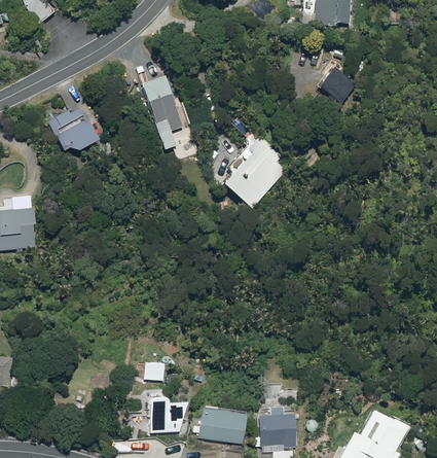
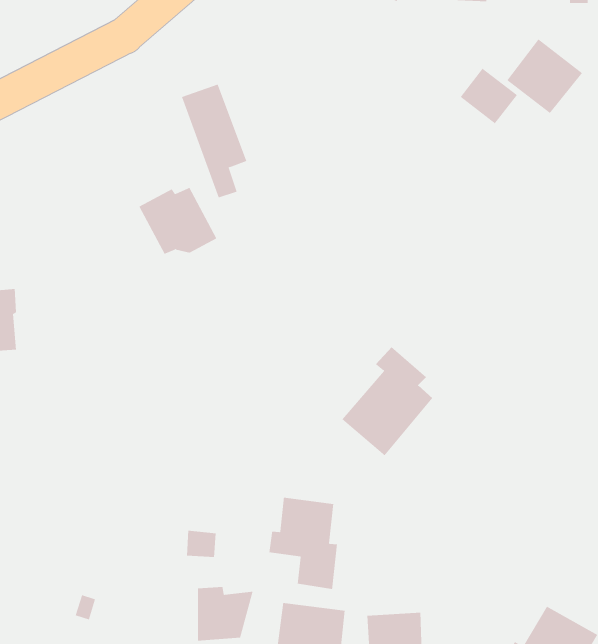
building: none -> [506,38,583,114]
building: [48,107,99,150] -> [138,187,217,255]
building: [226,137,285,207] -> [341,347,433,456]
building: none -> [269,497,338,590]

